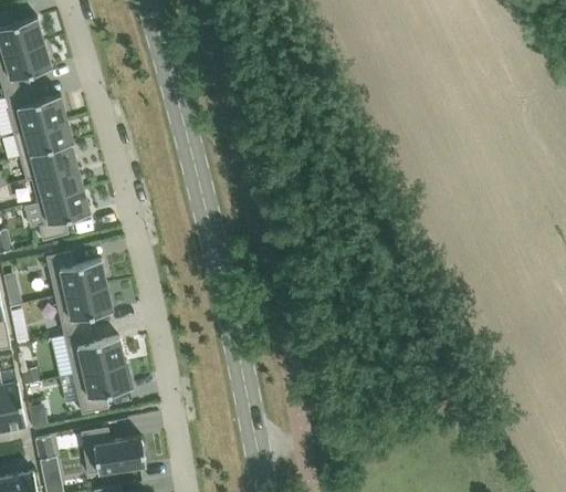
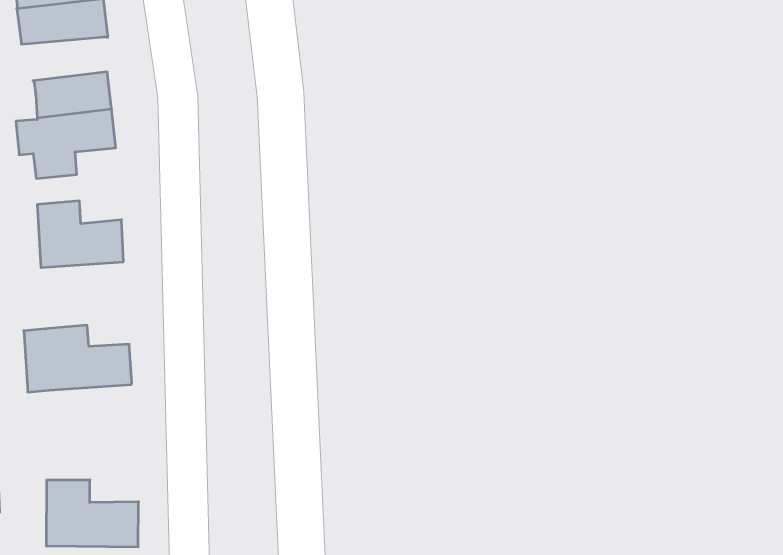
building: [20,144,77,181] -> none
building: [55,285,113,336] -> none
building: [60,362,133,415] -> none

